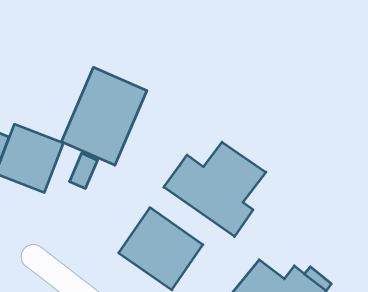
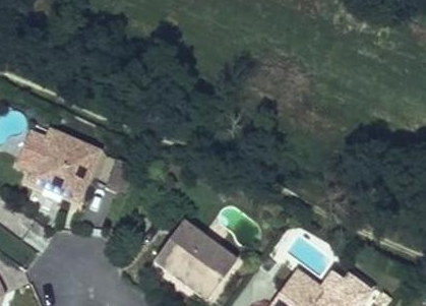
building: [61,67,147,165] -> none
building: [164,142,266,237] -> none

